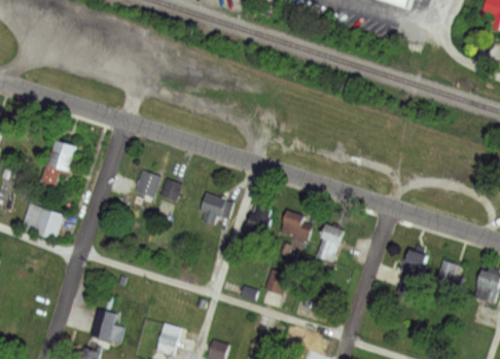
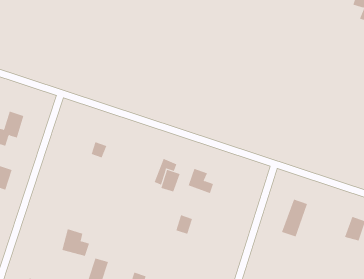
building: [135,169,159,198] -> none
building: [201,193,231,224] -> none
building: [315,225,342,262] -> none
building: [435,259,462,293] -> none
building: [90,309,124,344] -> [61,228,90,257]

